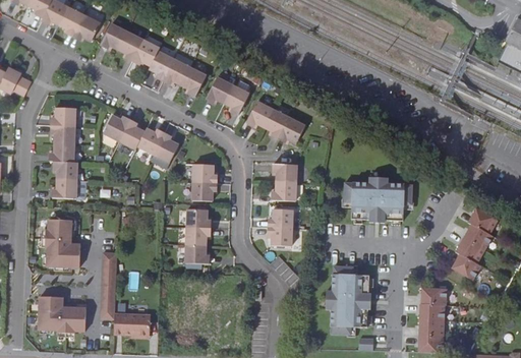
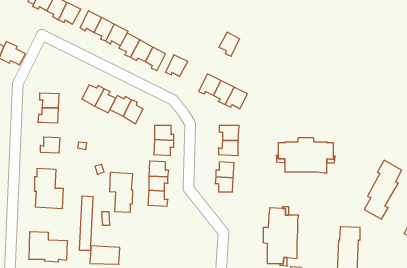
building: [224,86,249,116] -> [219,32,240,56]
building: [52,108,76,126] -> none
building: [54,161,78,180] -> none
building: none -> [110,172,133,212]

